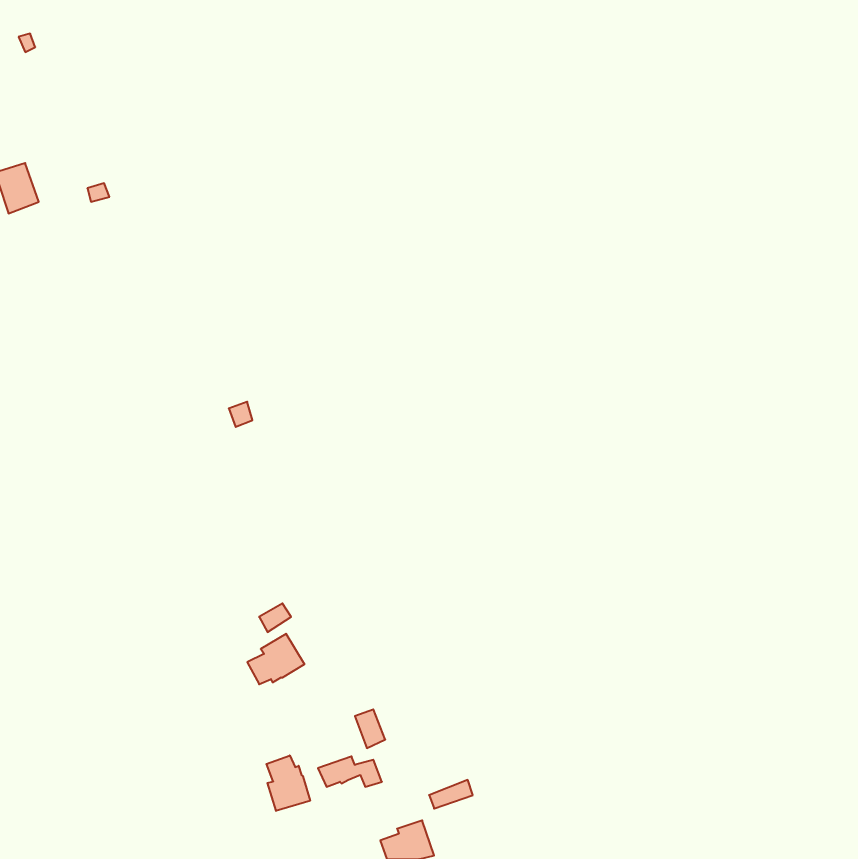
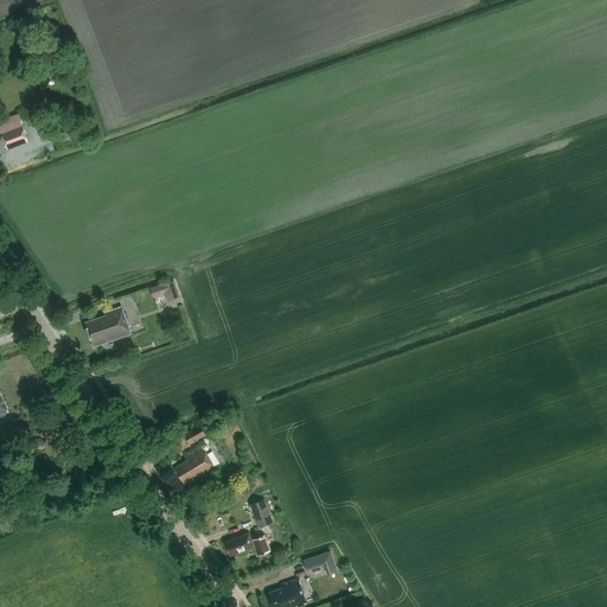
building: none -> [84,307,130,346]
building: [266,755,310,811] -> none

